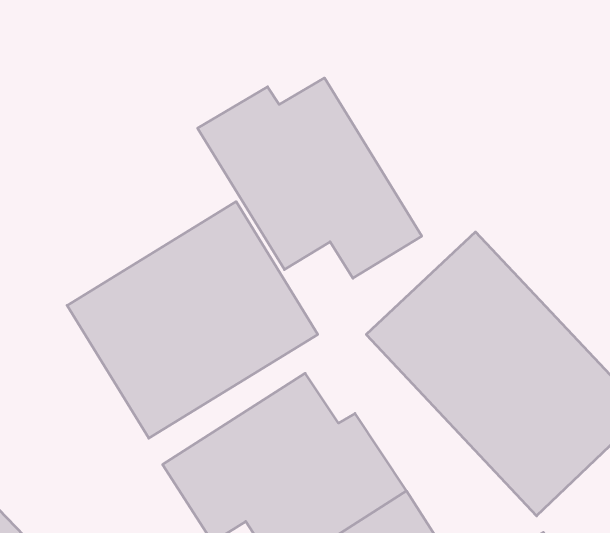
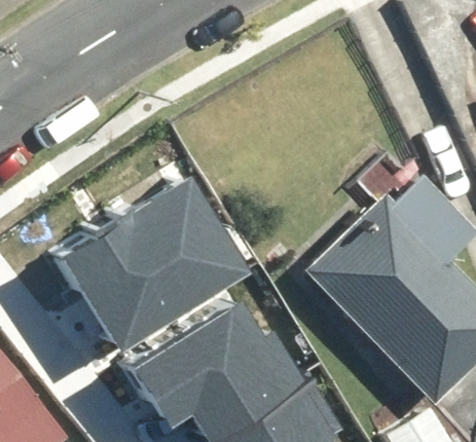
building: [198,78,422,278] -> none

